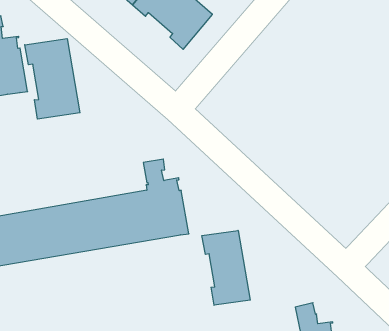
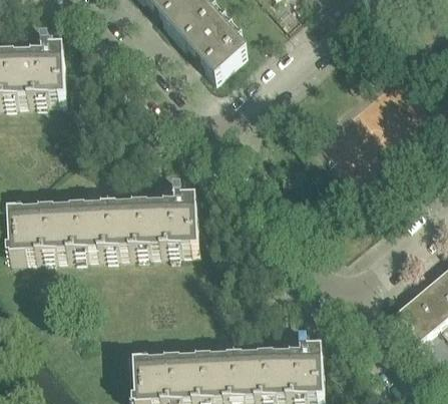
building: [25,39,80,119] -> none
building: [202,230,250,305] -> none

